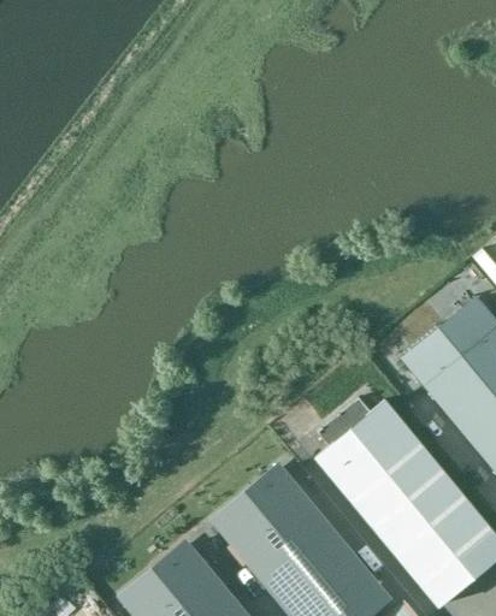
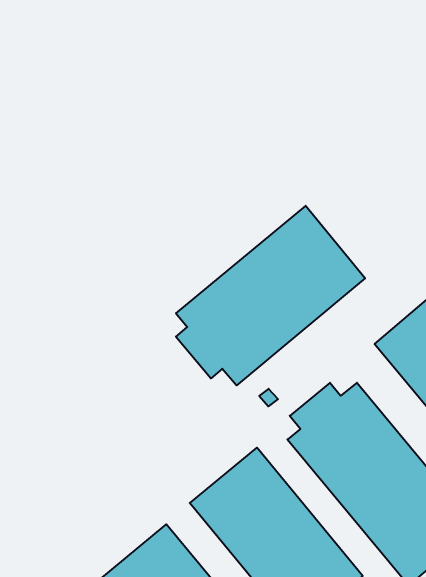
building: none -> [176,206,365,385]

